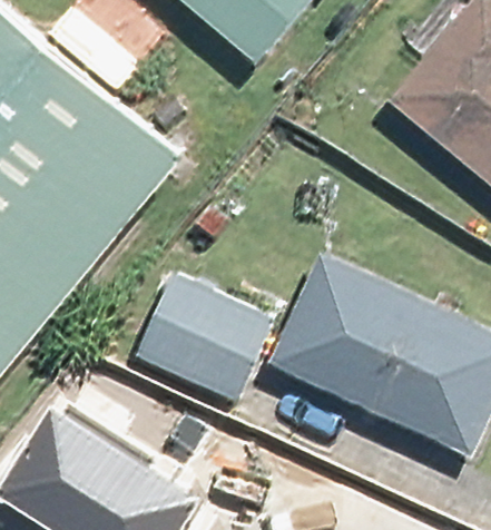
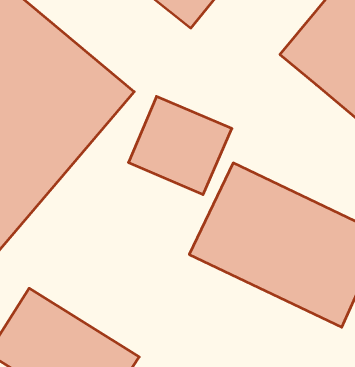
building: [134,272,269,401] -> [128,96,232,195]

